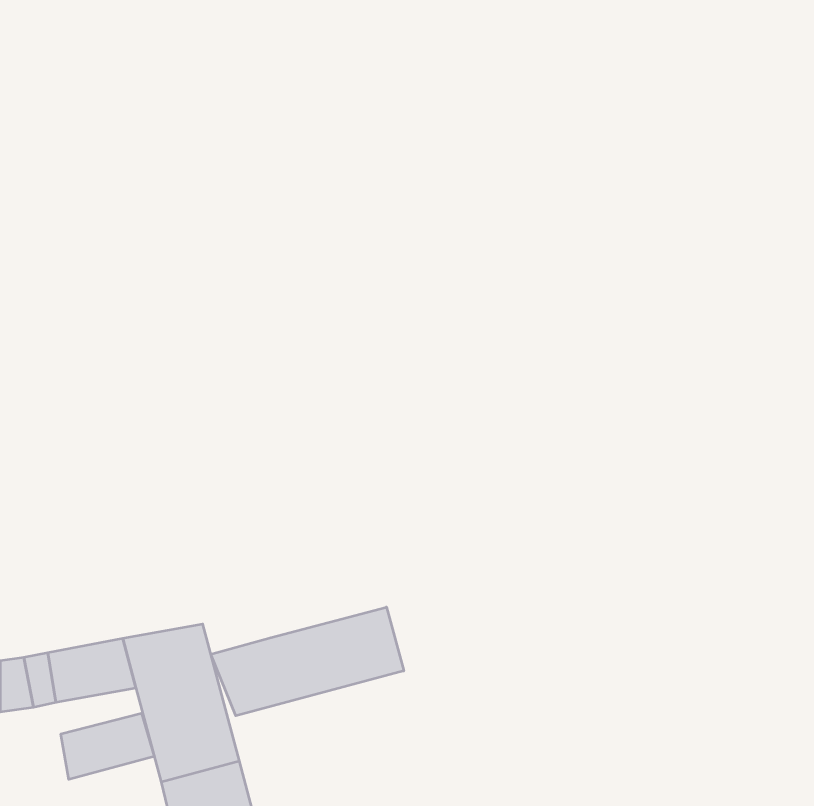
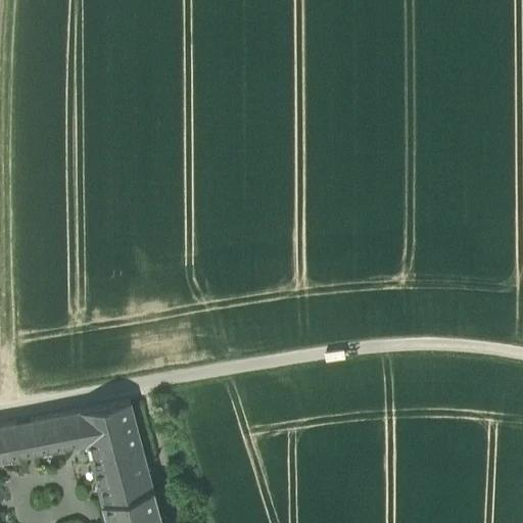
building: [211,607,404,716] -> none
building: [61,713,154,779] -> none

